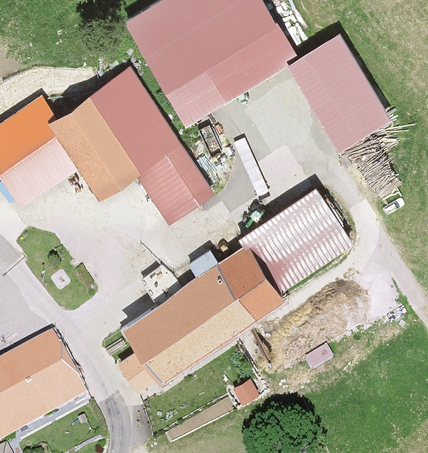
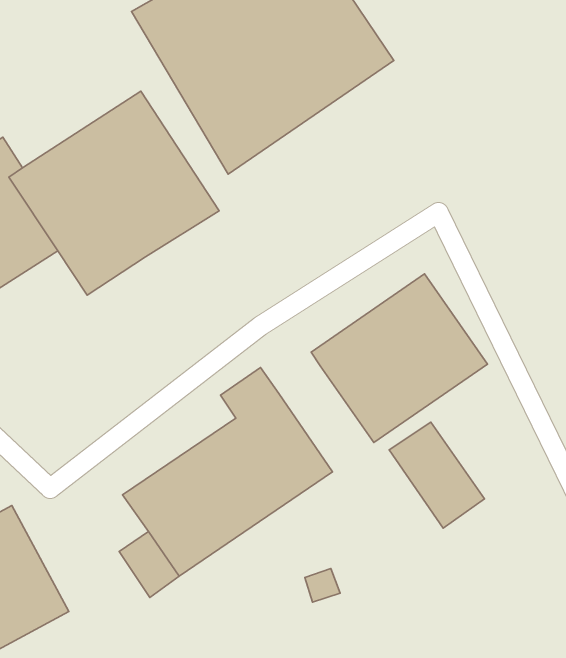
building: [292,32,391,146] -> none
building: [134,145,215,226] -> none
building: [221,246,283,315] -> [389,422,484,528]

